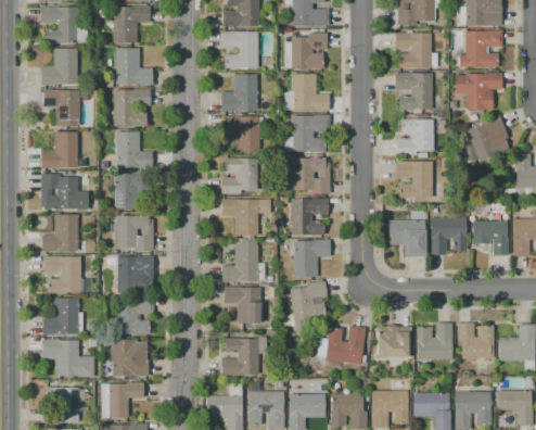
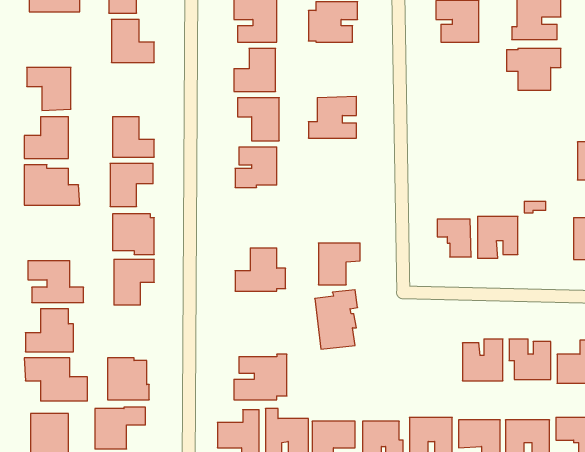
building: [41,49,77,85] -> none
building: [285,74,330,110] -> none
building: [396,74,432,110] -> none
building: [114,89,151,126] -> none
building: [462,114,511,162] -> none
building: [398,119,434,155] -> none
building: [293,159,330,194] -> none
building: [396,161,433,198] -> none
building: [222,199,271,236] -> none
building: [292,199,329,235] -> none
building: [42,215,79,252] -> none
building: [473,220,507,254] -> none
building: [225,287,260,324] -> none
building: [117,298,152,334] -> none
building: [378,325,412,358] -> none
building: [318,326,366,365] -> none

